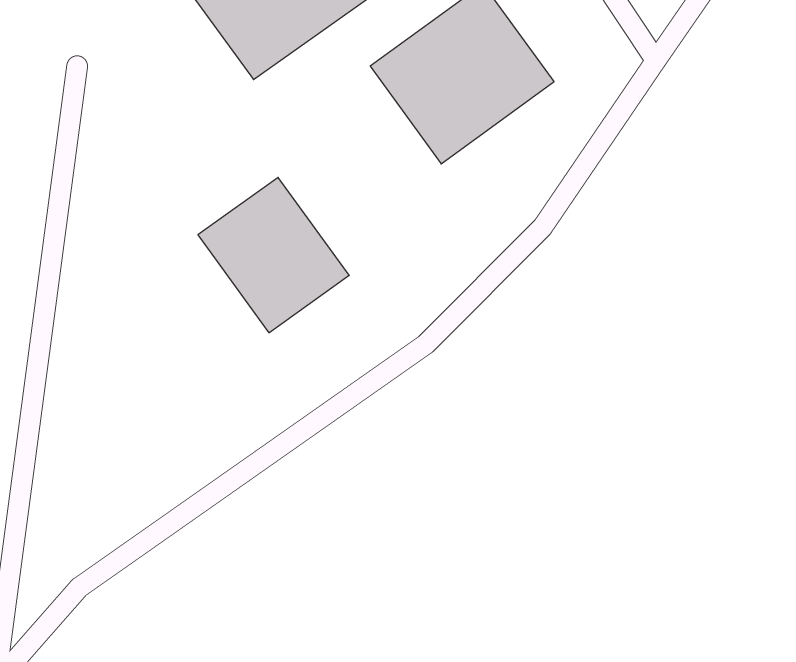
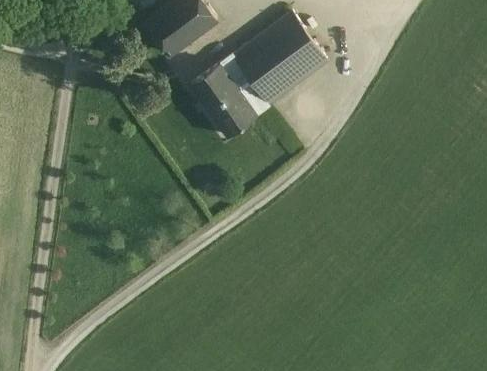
building: [198,177,349,333] -> [187,54,266,135]

